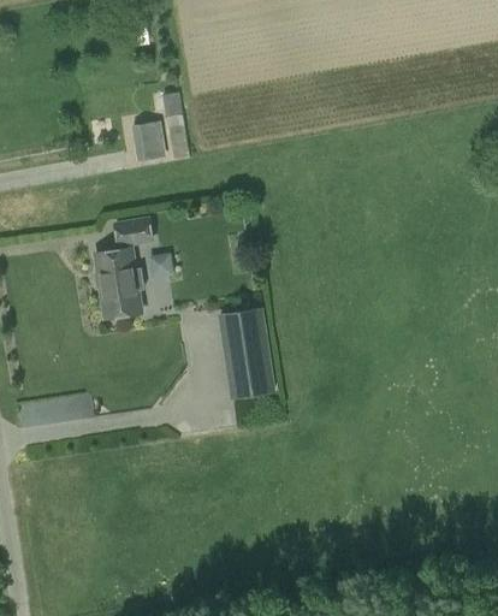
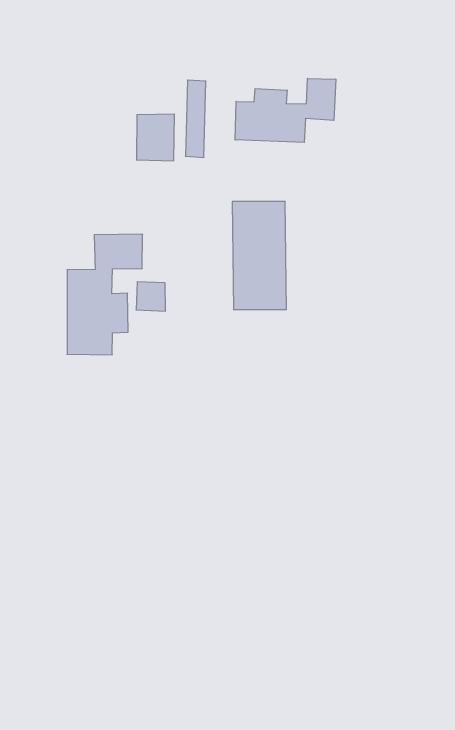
building: none -> [235,78,336,142]
building: [218,308,272,397] -> [232,202,286,310]

